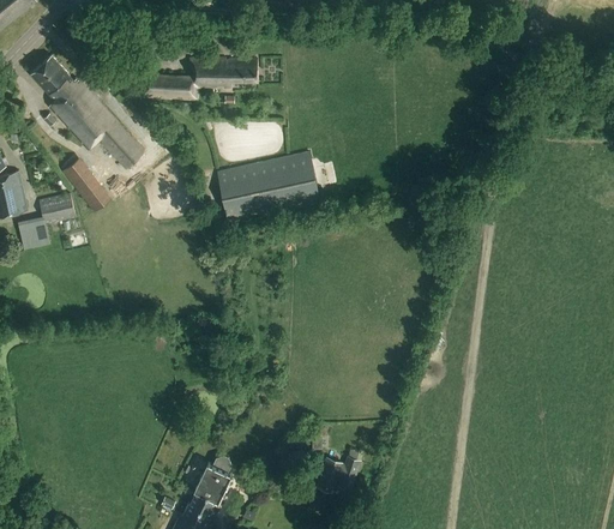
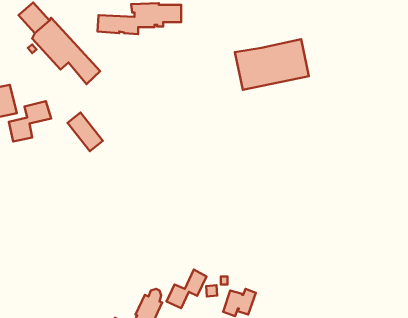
building: [217,151,320,222] -> [235,39,309,90]
building: [61,156,110,210] -> [67,112,103,151]
building: none -> [167,270,206,308]

